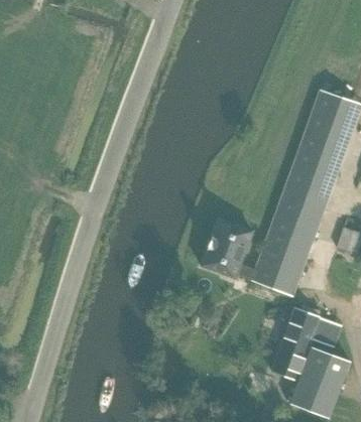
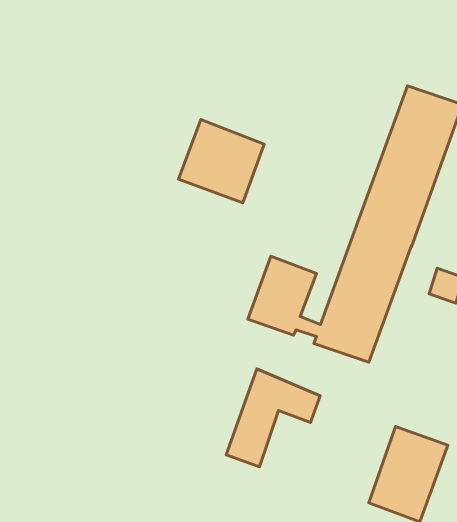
building: none -> [179,120,264,203]
building: [270,306,341,380] -> [226,369,320,467]

